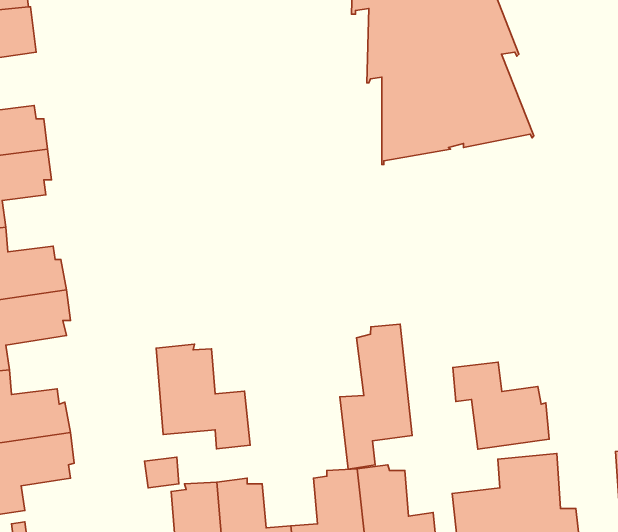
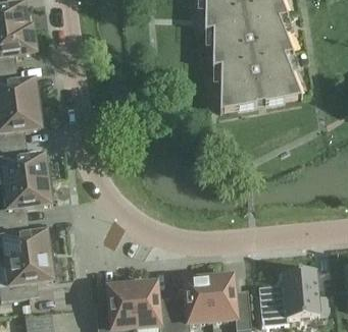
building: [340,324,412,469] -> none
building: [156,344,250,449] -> none
building: [453,362,549,449] -> none

